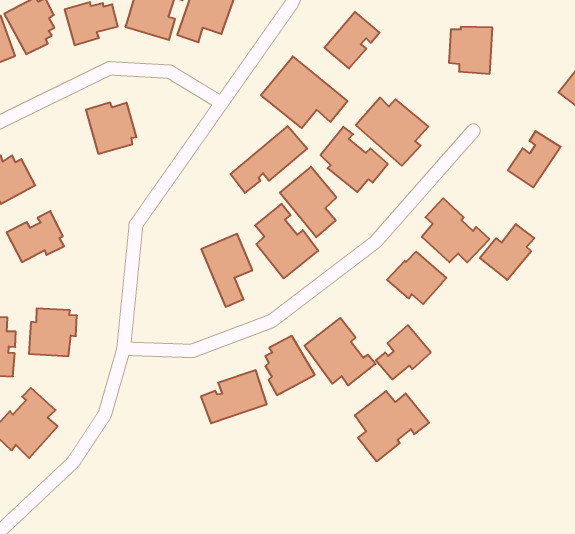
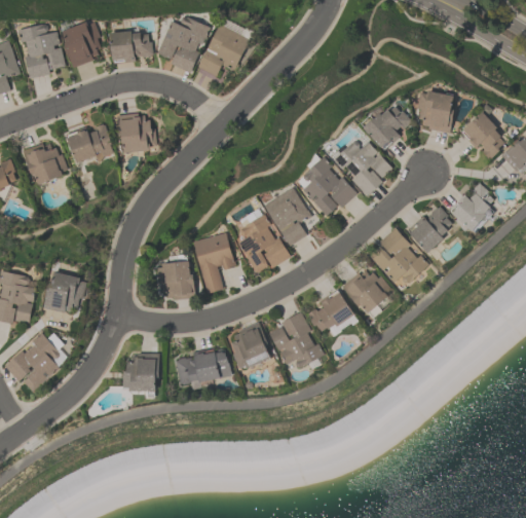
building: [324,12,380,69] -> [366,103,412,148]
building: none -> [460,112,504,158]
building: [261,56,347,128] -> none
building: [230,126,307,193] -> none
building: [7,211,64,262] -> [68,123,113,161]
building: [480,224,534,280] -> [407,209,453,253]
building: none -> [157,261,194,299]
building: [376,325,431,379] -> [307,290,352,332]
building: none -> [122,355,158,393]
building: [355,391,429,461] -> none

